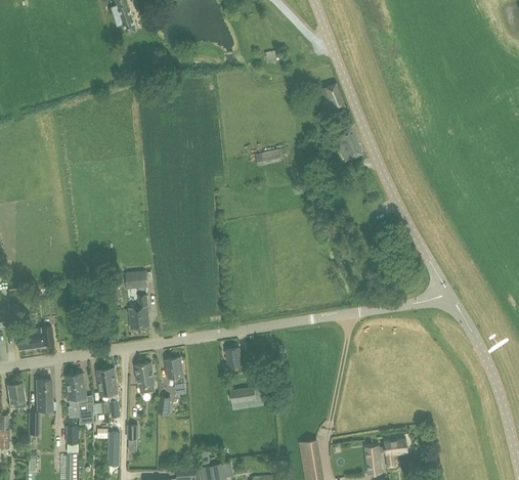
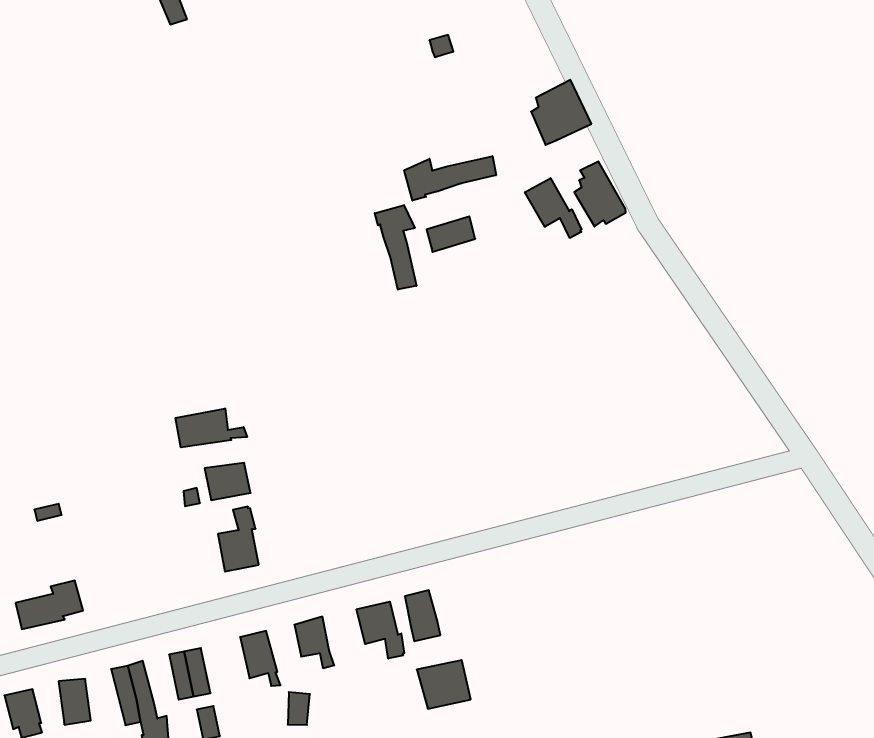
building: none -> [404,156,496,201]
building: none -> [525,178,582,238]
building: none -> [375,205,416,290]
building: none -> [176,408,247,447]
building: none -> [357,602,404,659]

